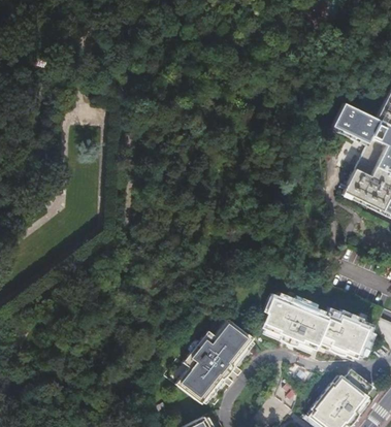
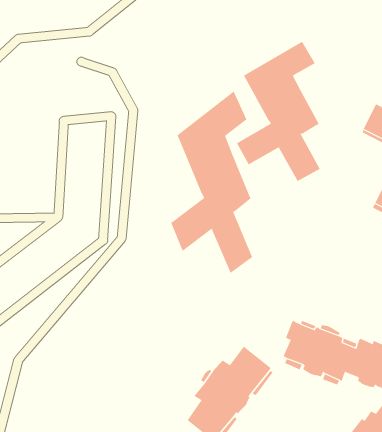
building: none -> [236,41,320,182]
building: none -> [170,91,253,274]

